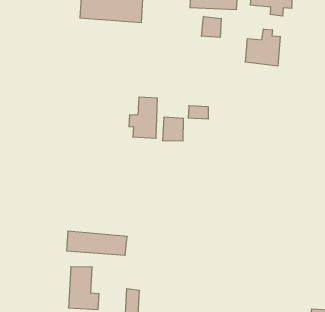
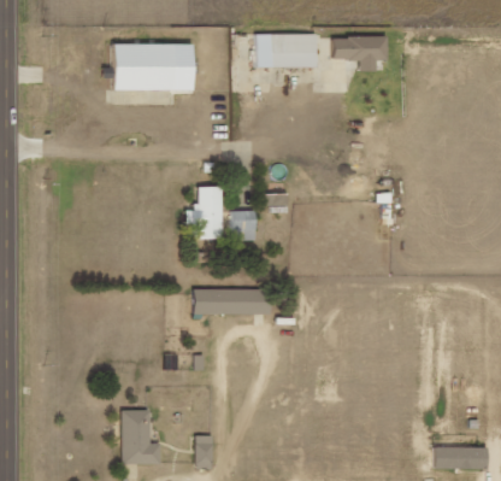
building: [201,16,221,37] -> none
building: [245,29,280,66] -> none
building: [67,231,127,255] -> [194,288,271,315]

